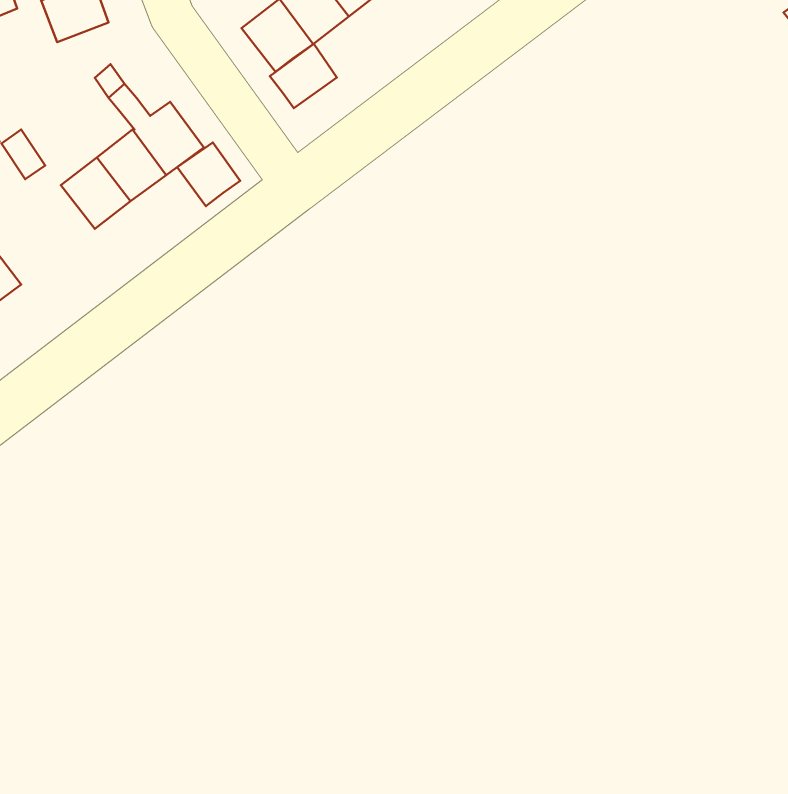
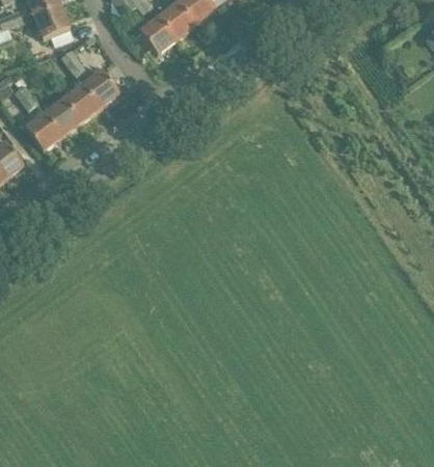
building: [270,44,337,108] -> none
building: [177,142,240,206] -> none
building: none -> [26,112,62,149]

